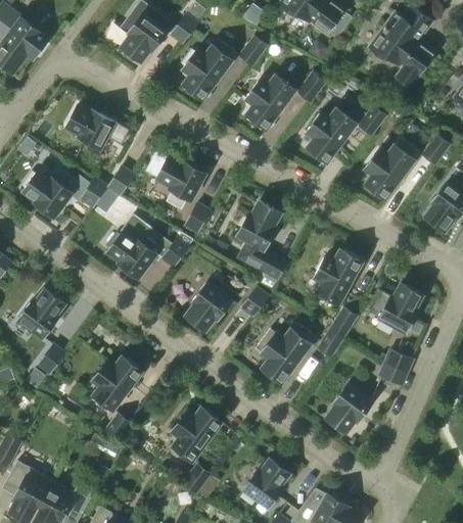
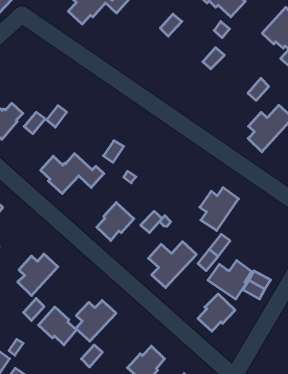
building: [182,40,236,100] -> none
building: [244,77,294,130] -> none
building: [65,106,128,150] -> none
building: [306,109,355,163] -> none
building: [155,158,204,210] -> none
building: [235,202,287,284] -> none
building: [367,284,421,333] -> [208,260,252,299]
building: none -> [38,307,77,345]

